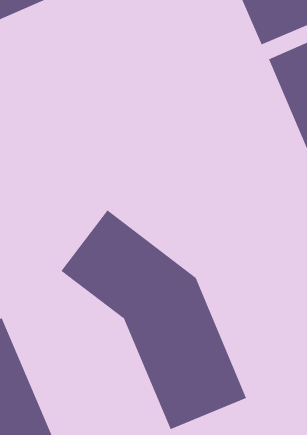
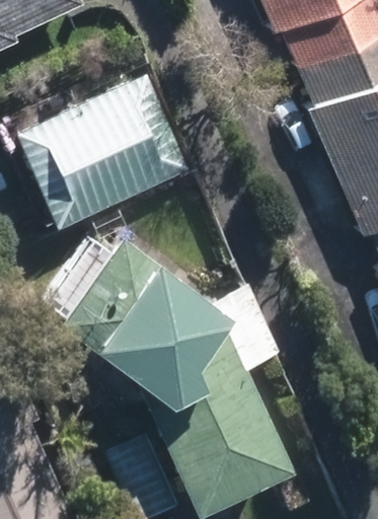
building: none -> [23,97,176,224]

